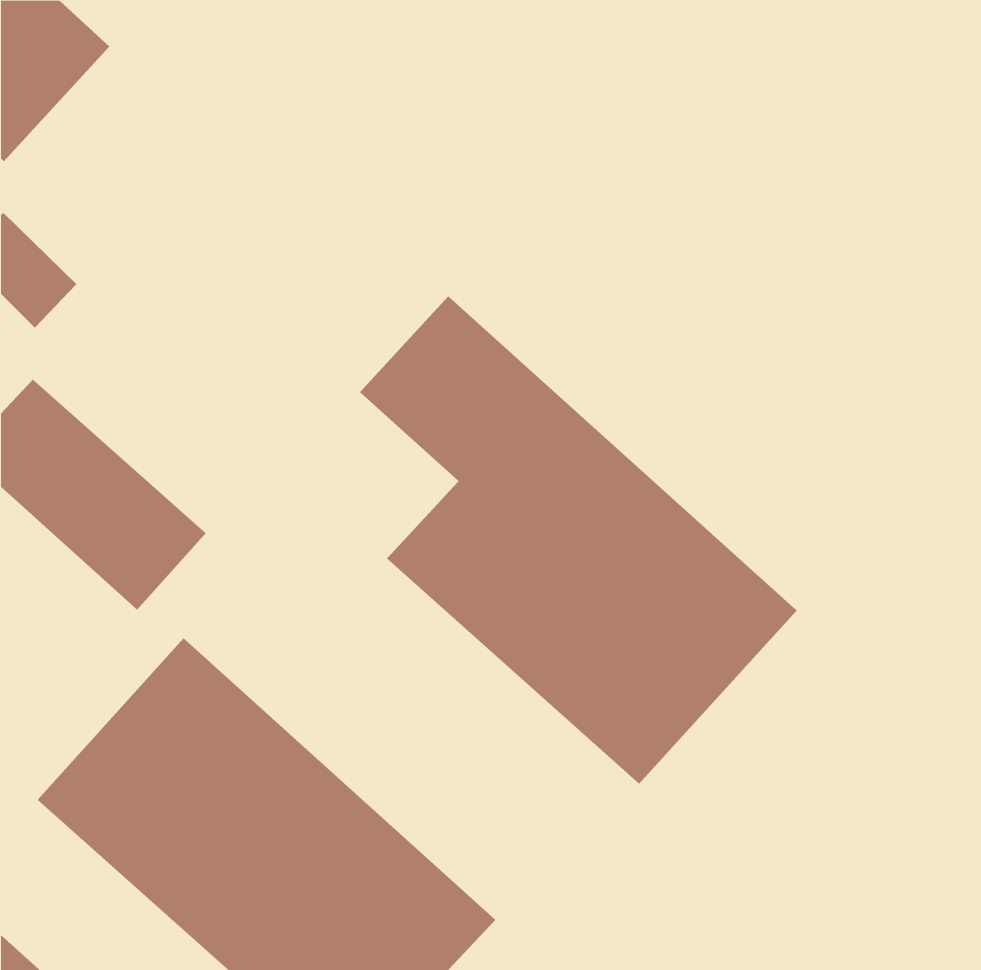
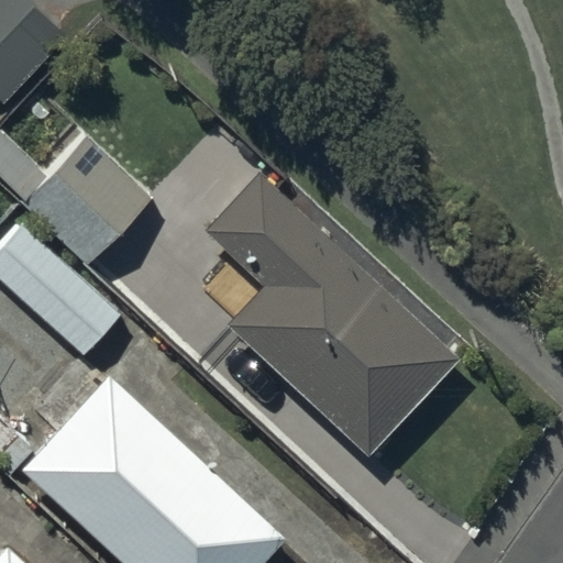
building: none -> [24,135,152,263]

